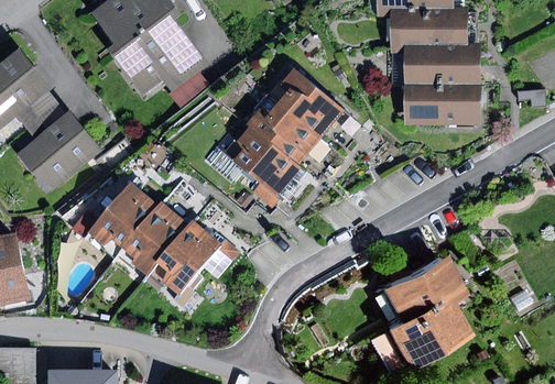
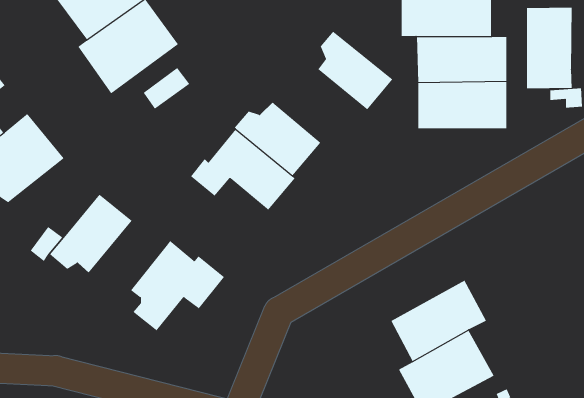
building: none -> [527,7,572,89]
building: [279,68,344,136] -> [317,31,393,110]
building: [121,200,188,276] -> none

